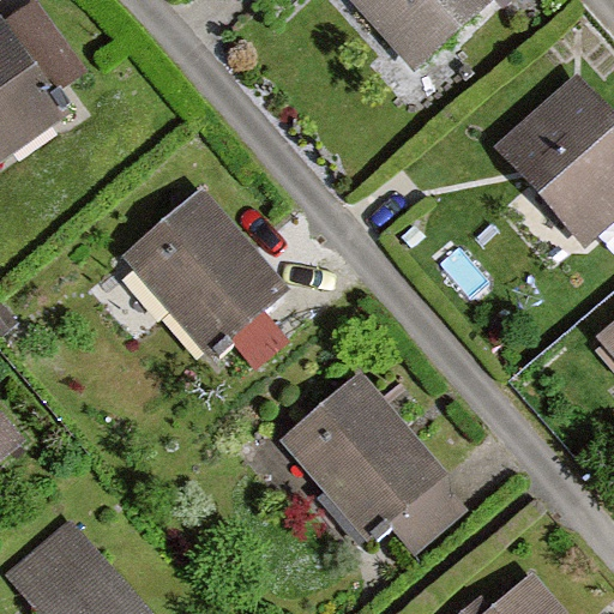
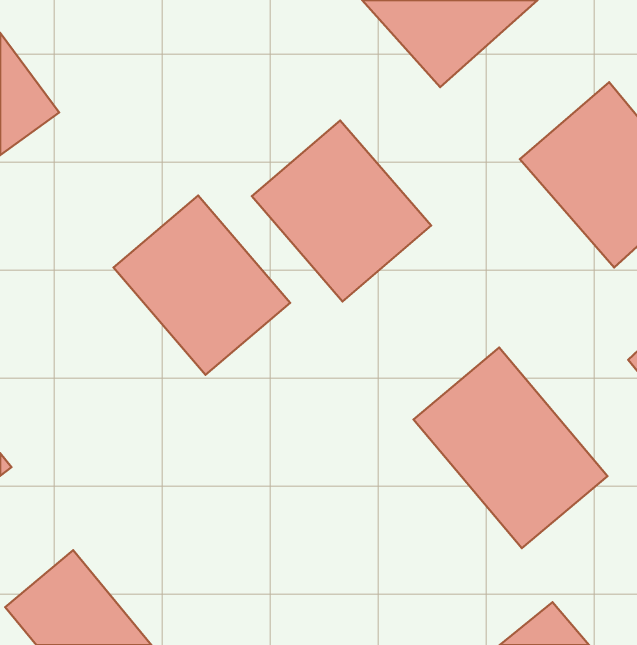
building: none -> [252,120,431,301]
building: [277,369,462,560] -> [413,347,608,548]

